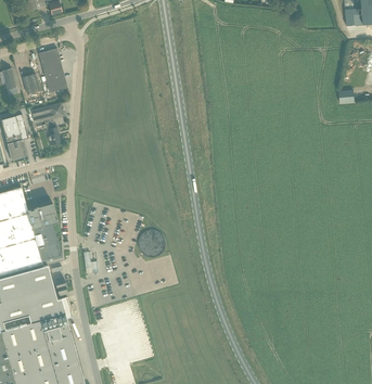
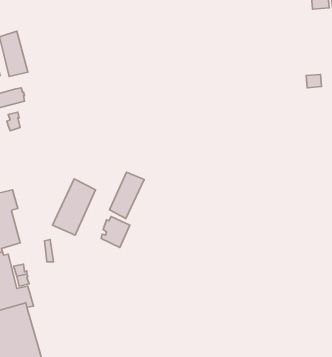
building: none -> [109,172,144,218]
building: none -> [52,179,95,235]

